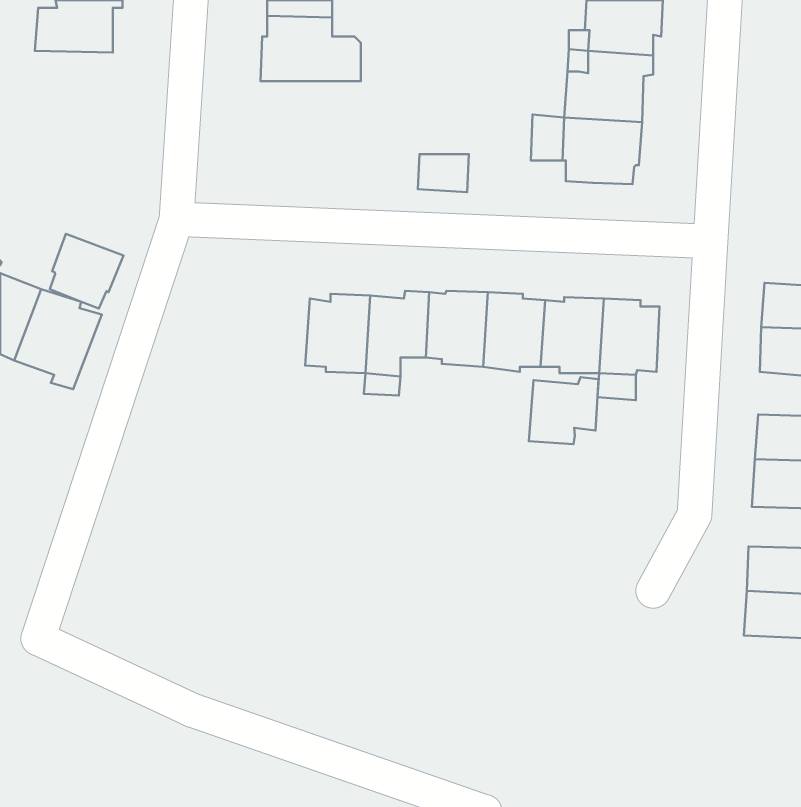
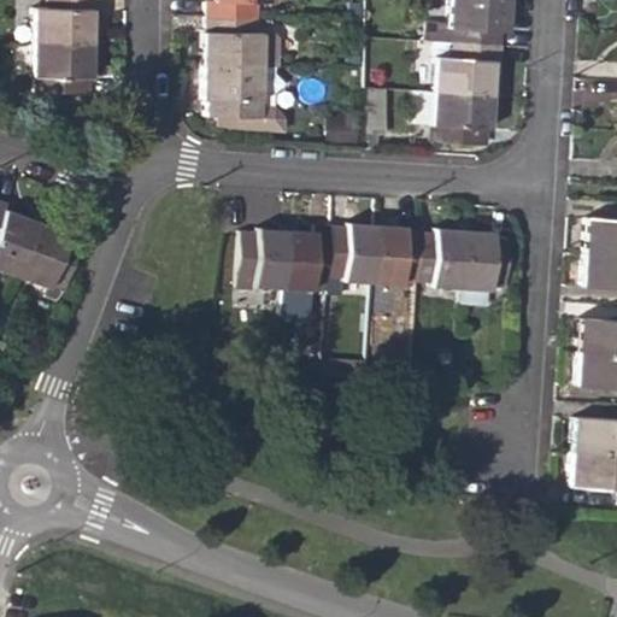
building: none -> [34,42,94,92]
building: none -> [206,65,281,129]
building: [50,234,123,309] -> none
building: [529,377,599,444] -> none

